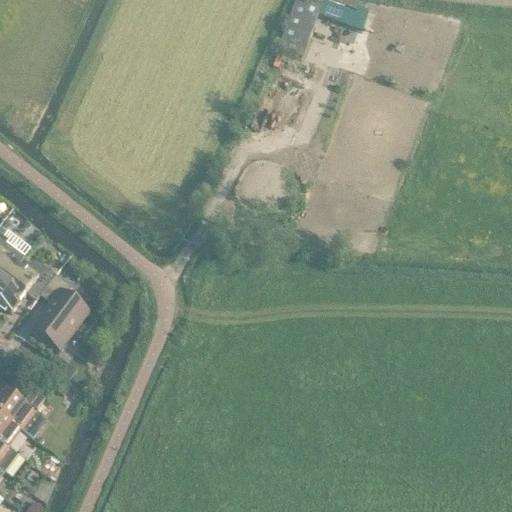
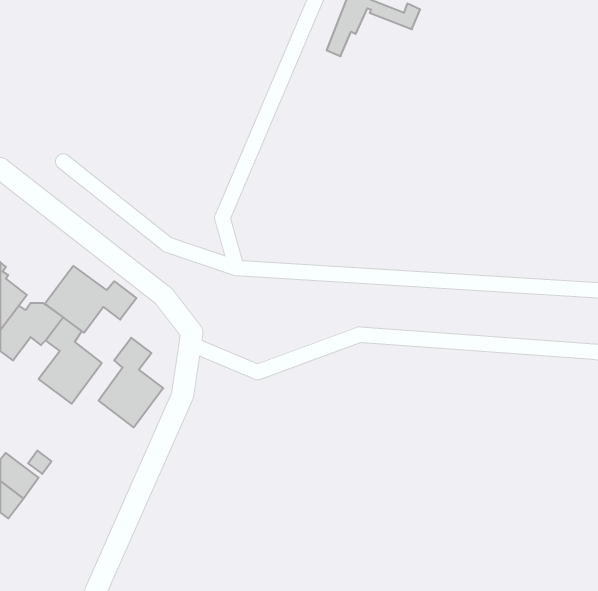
building: none -> [45,266,136,333]
building: none -> [99,338,163,427]

